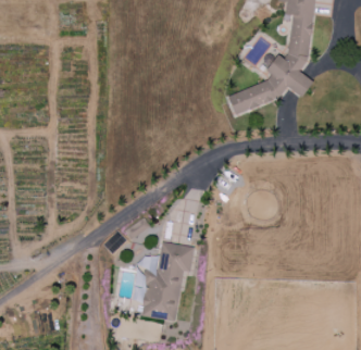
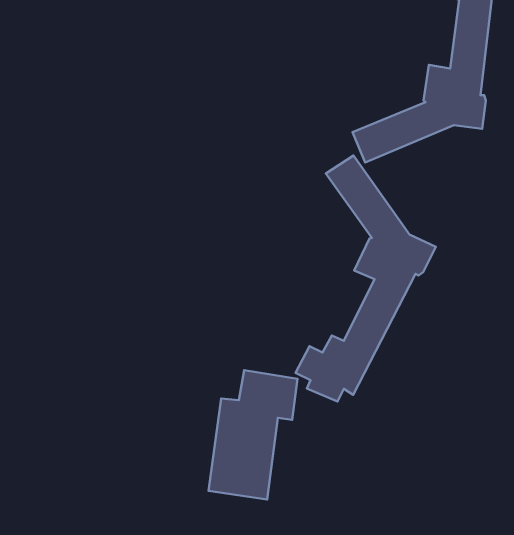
building: none -> [296,155,436,402]

